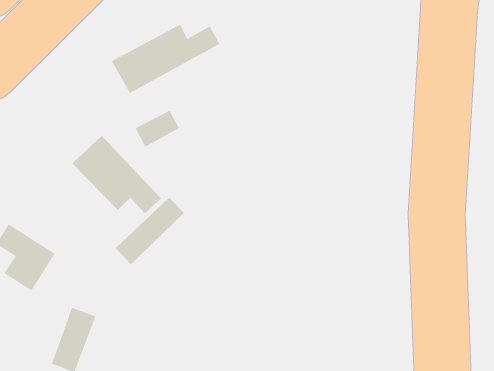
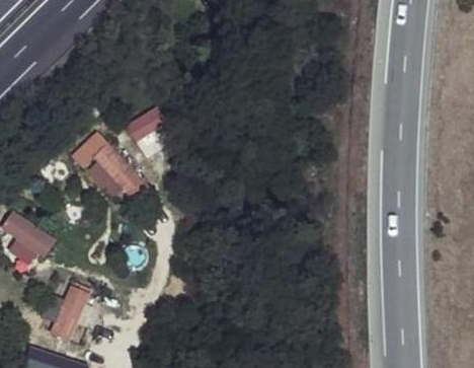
building: [111,24,220,94] -> none
building: [115,197,185,265] -> none

